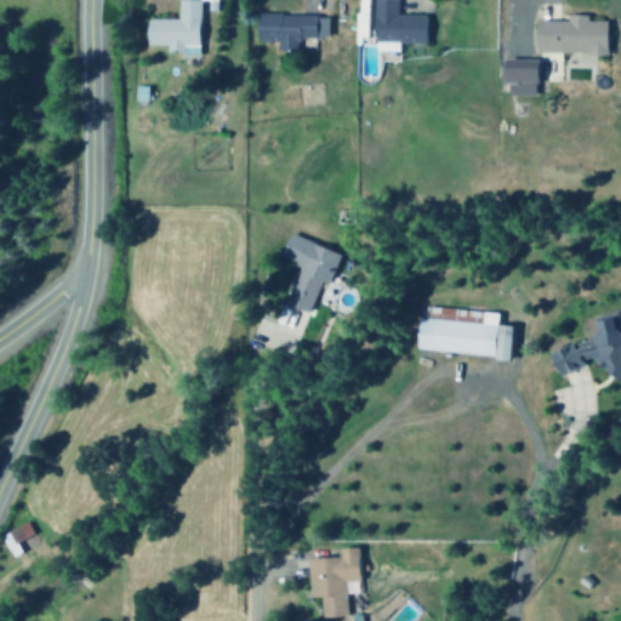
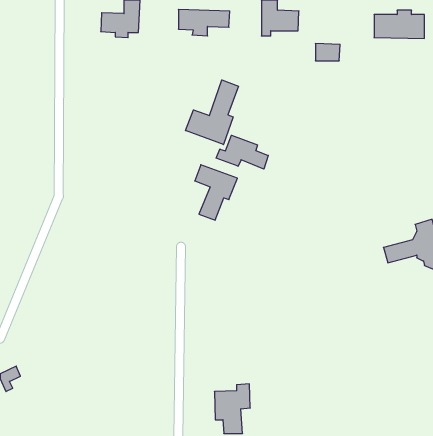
building: [503,58,539,82] -> [315,44,340,61]
building: none -> [186,80,238,145]
building: none -> [216,135,268,169]
building: [416,307,512,358] -> none

